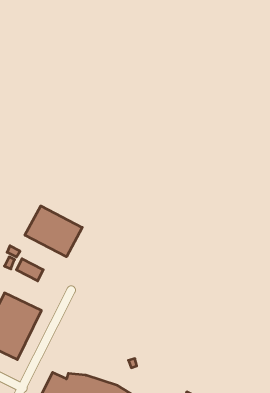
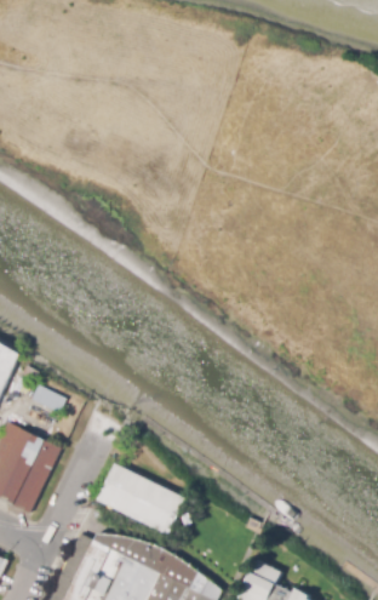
building: [25,206,82,257] -> none
building: none -> [99,464,185,535]

